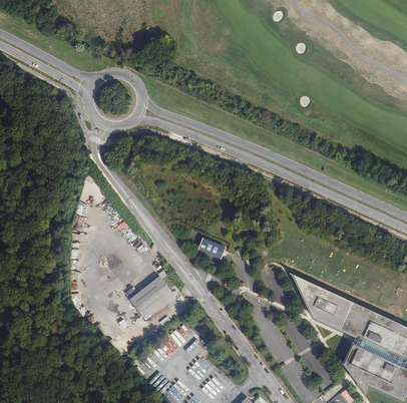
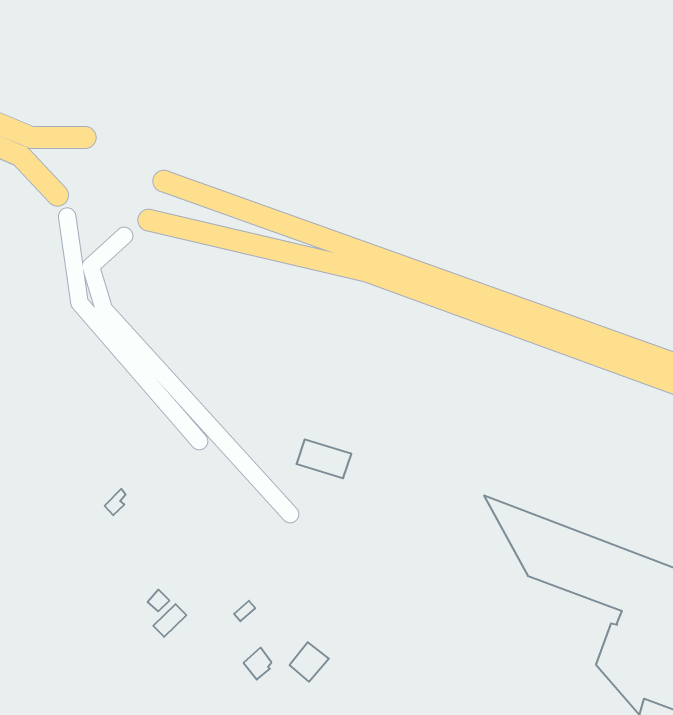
building: [134,282,177,321] -> none

